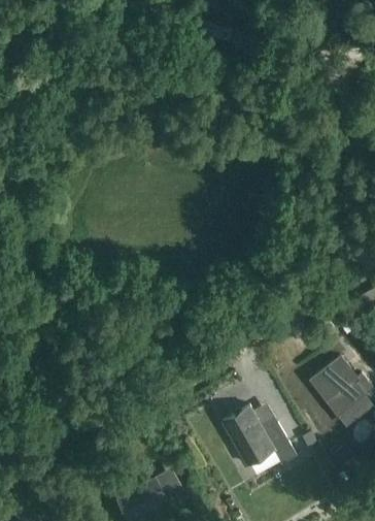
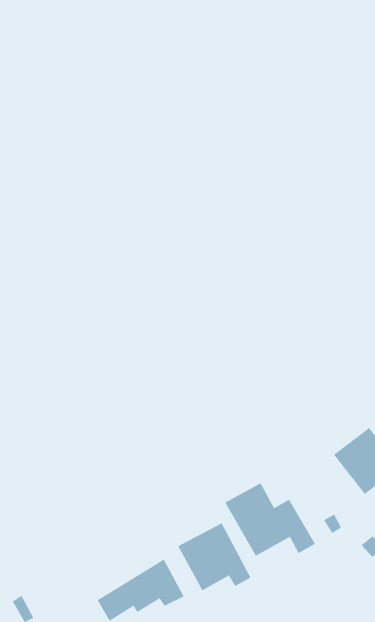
building: none -> [177,522,251,591]

